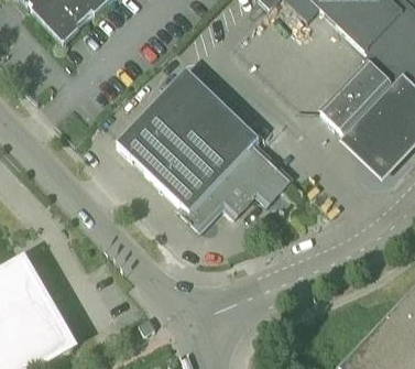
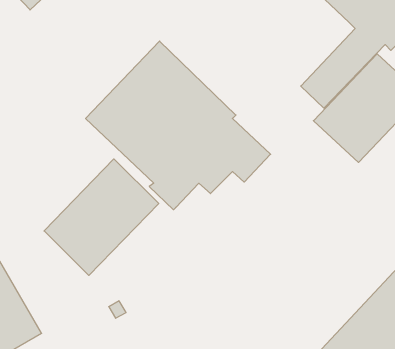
building: none -> [44,159,159,275]

